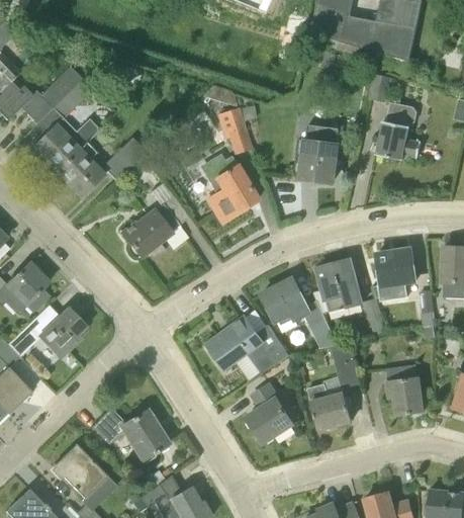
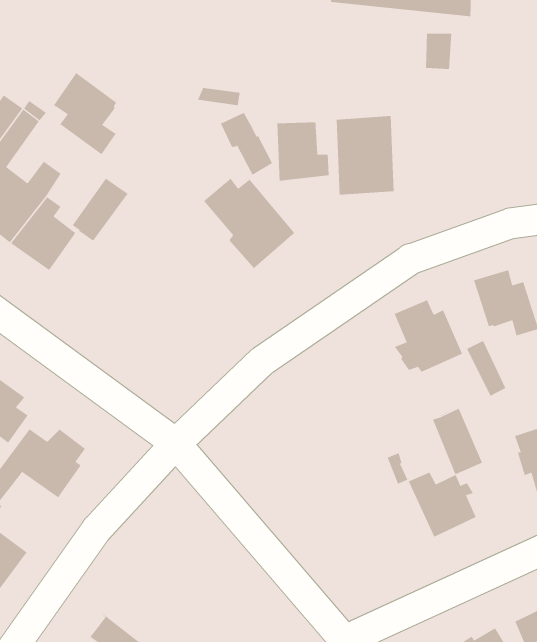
building: none -> [53,72,117,155]
building: [377,95,421,160] -> none
building: none -> [277,121,329,182]
building: [122,196,188,257] -> none
building: [262,277,338,348] -> none
building: [207,317,289,373] -> none
building: [247,382,292,443] -> none
building: [93,410,168,461] -> none

